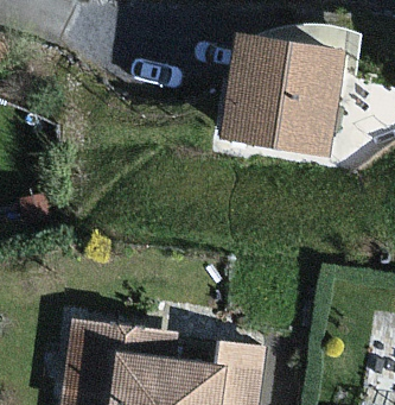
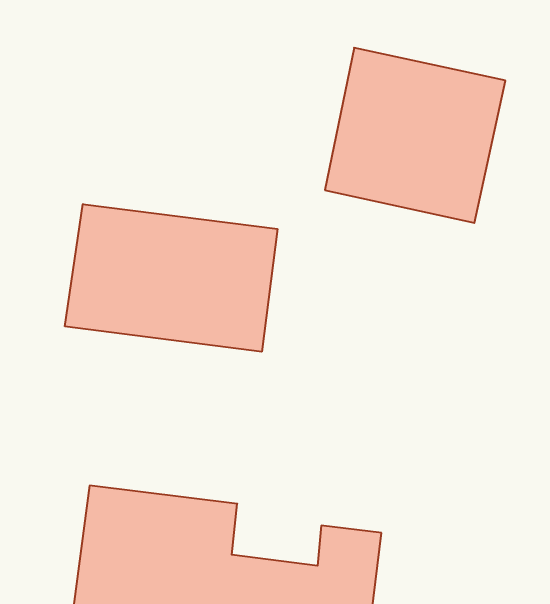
building: none -> [65,204,277,352]

